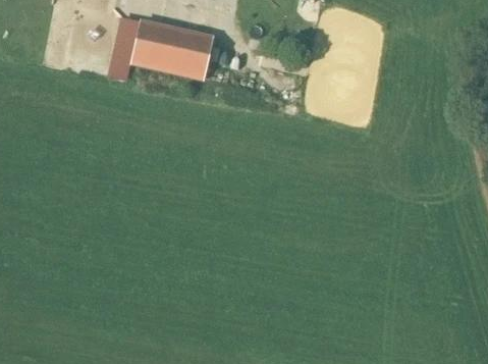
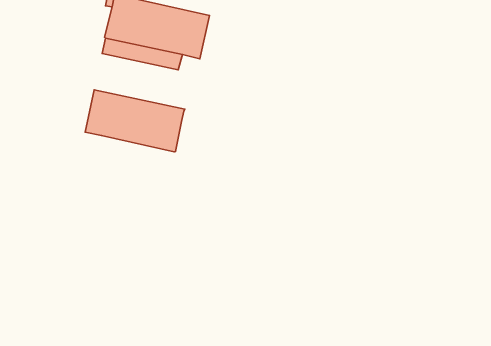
building: none -> [85,90,185,152]

